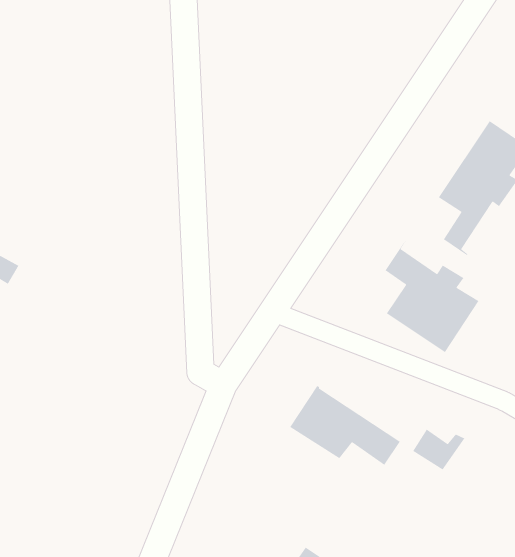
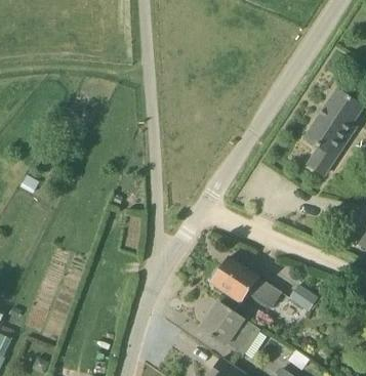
building: [385,240,480,353] -> none
building: none -> [200,301,255,352]

